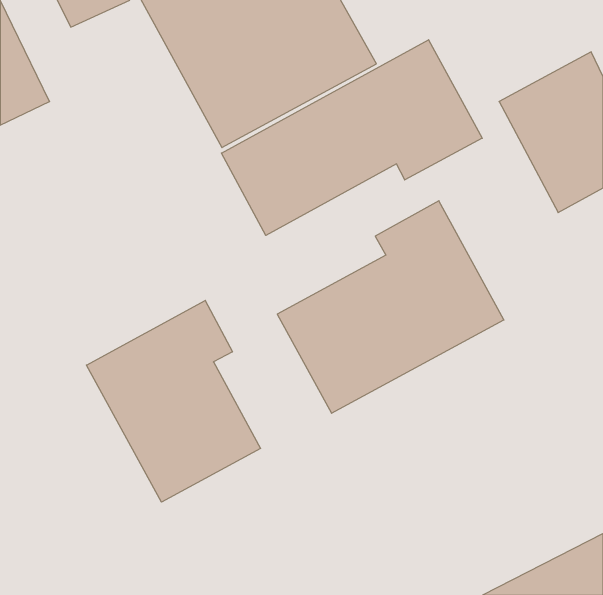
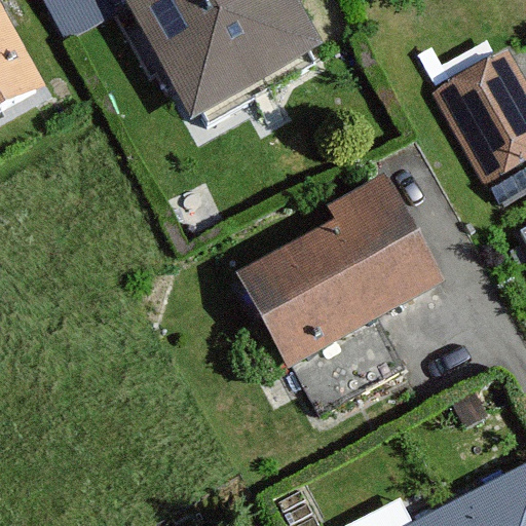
building: [221,40,482,235] -> none
building: [86,300,261,502] -> none

